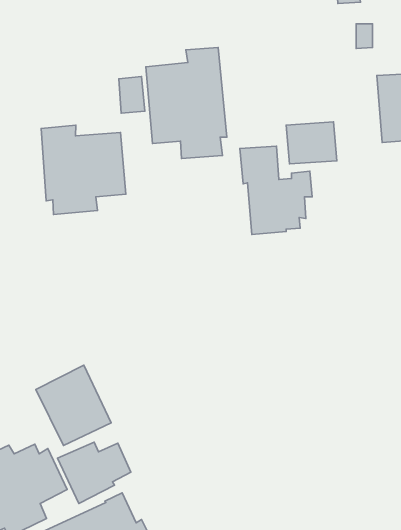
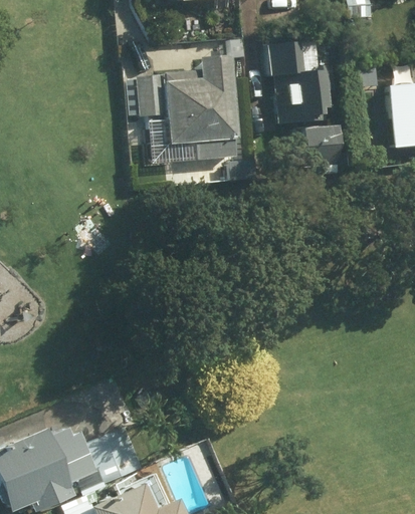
building: [41,125,126,215] -> none
building: [240,146,312,235] -> [271,44,339,126]
building: [36,365,111,446] -> none

